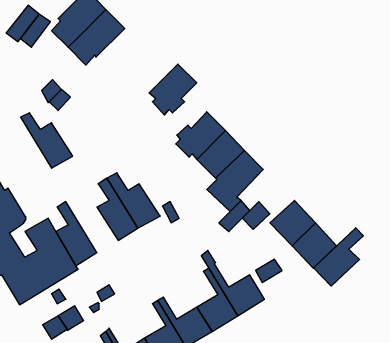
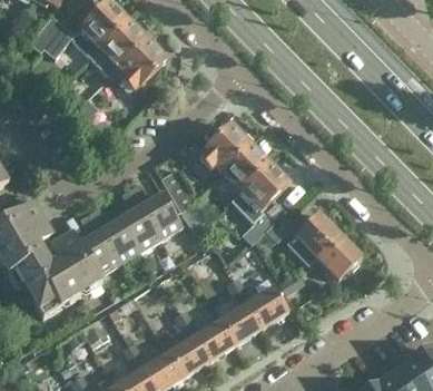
building: [149,64,197,115] -> [118,40,166,91]
building: [21,113,73,168] -> [88,209,140,265]
building: none -> [160,167,194,211]
building: [314,228,363,286] -> none

